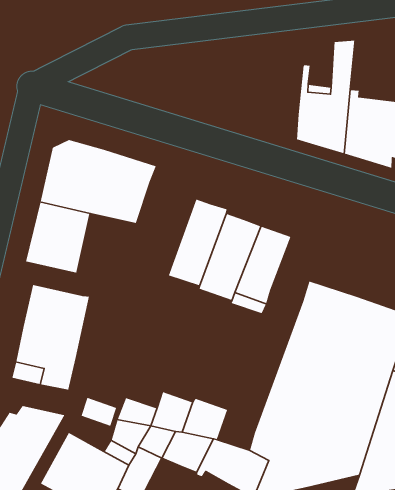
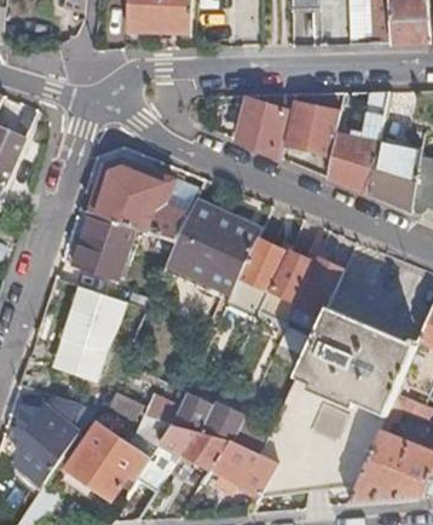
building: none -> [284,102,339,154]
building: none -> [237,98,285,155]
building: none -> [161,203,231,289]
building: none -> [291,258,343,323]

